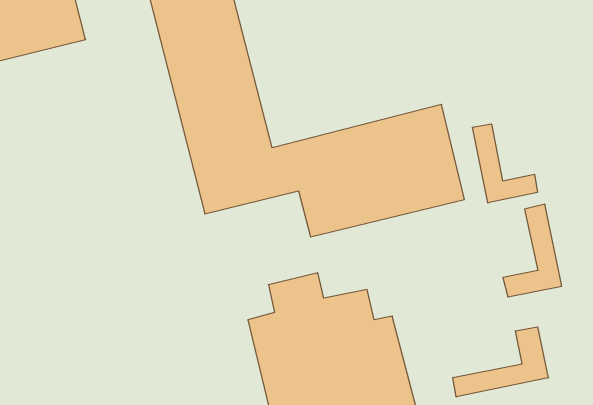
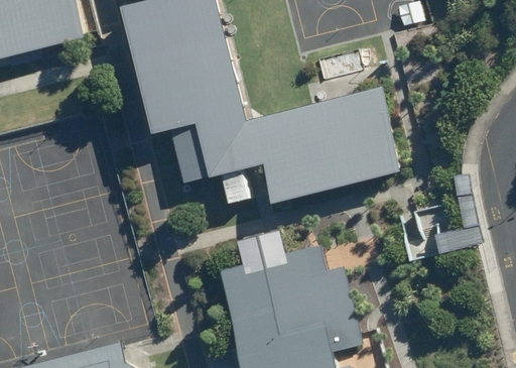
building: [472,124,537,203] -> none
building: [453,327,548,397] -> none

